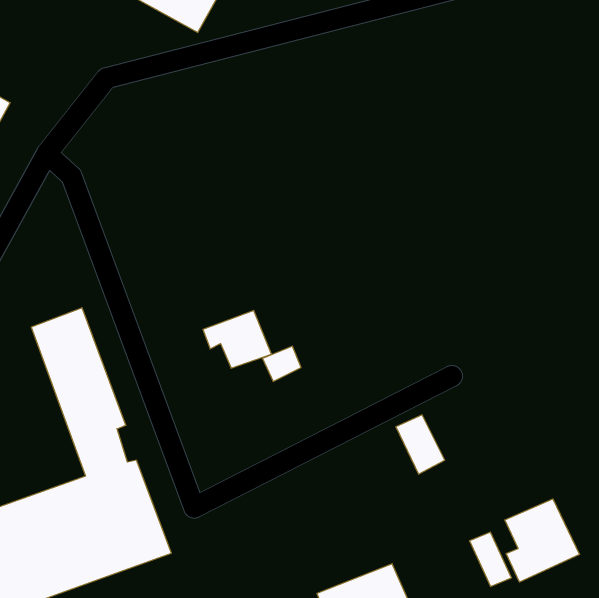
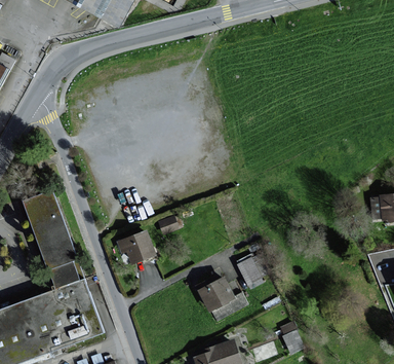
building: [203,310,271,368] -> [116,230,156,264]
building: none -> [197,276,234,310]
building: [505,499,579,582] -> none

